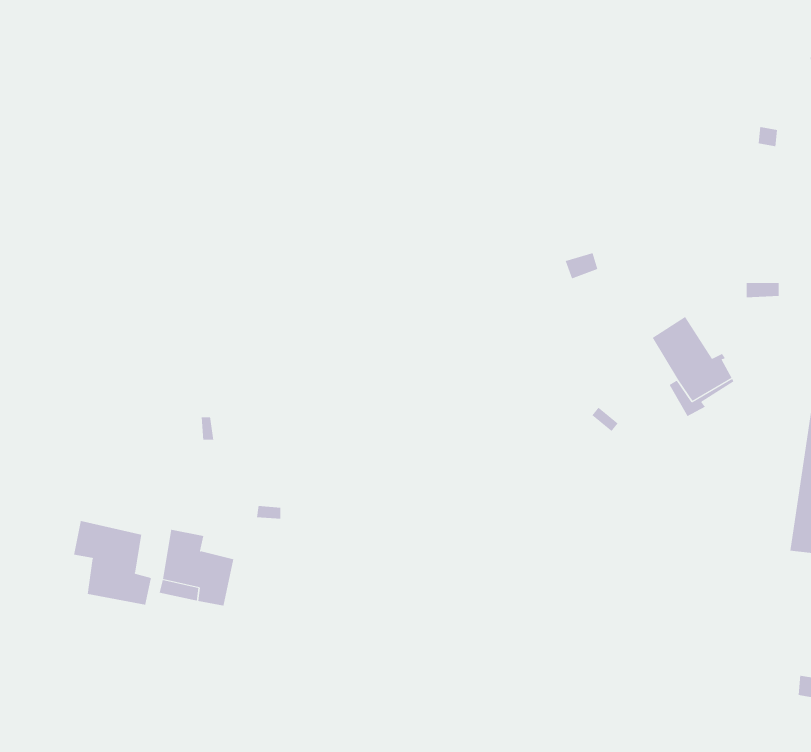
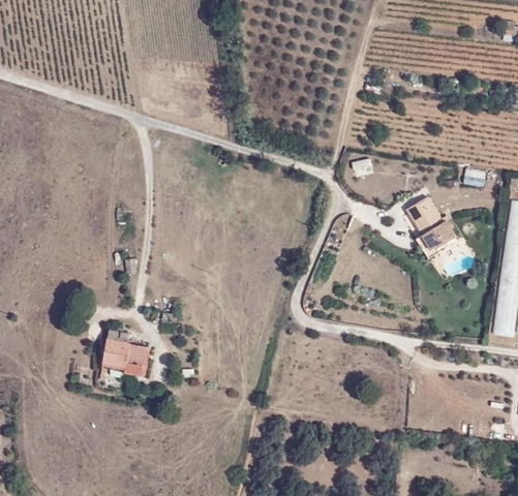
building: [73,520,151,605] -> none

